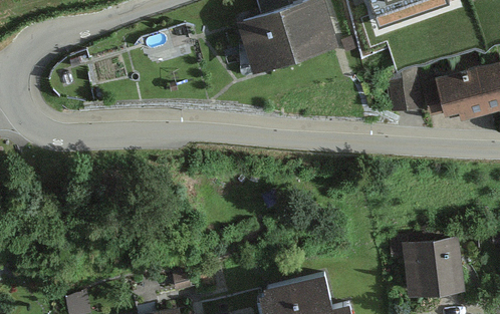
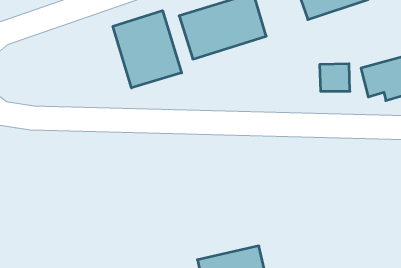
building: none -> [113,11,182,88]
building: [403,237,464,294] -> none

